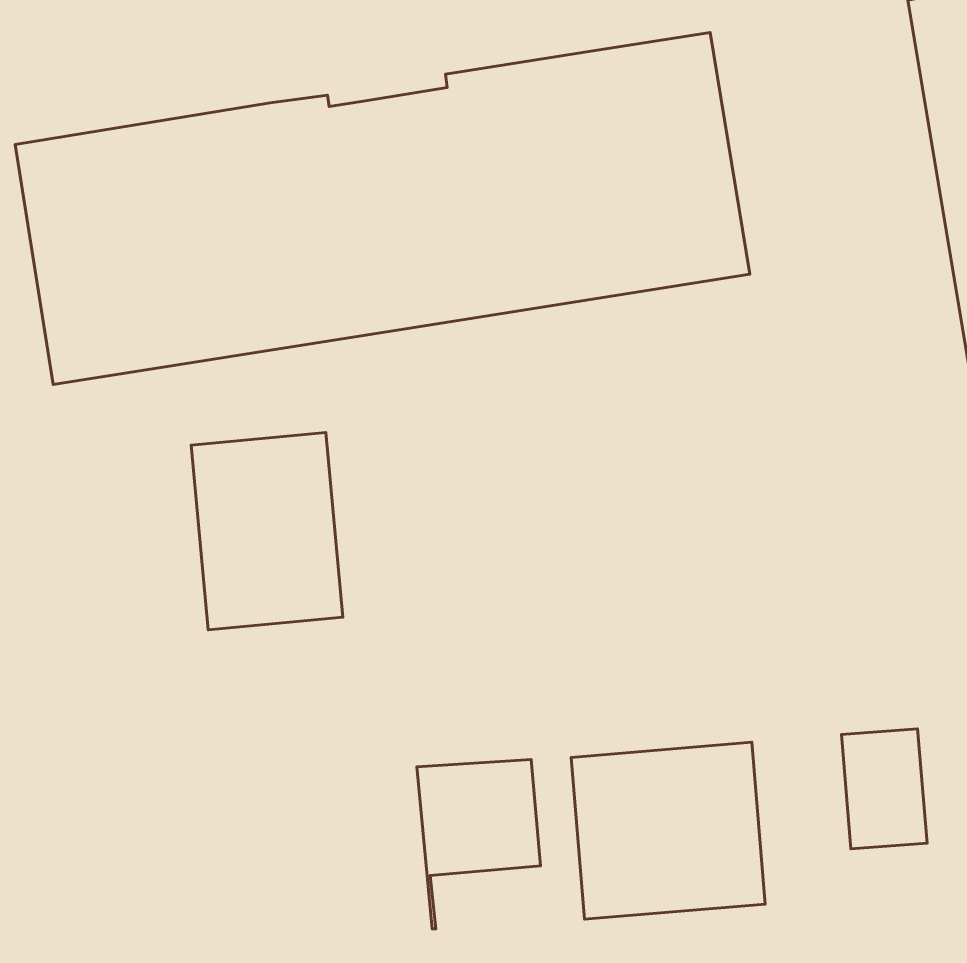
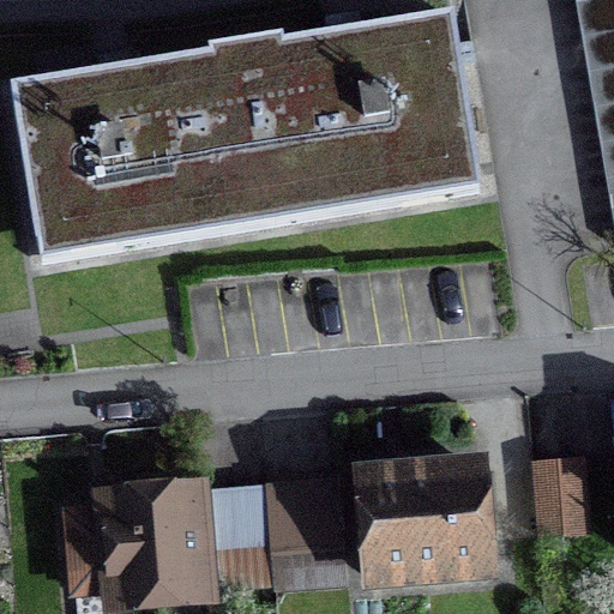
building: [191,432,343,630] -> none
building: none -> [68,475,272,600]

